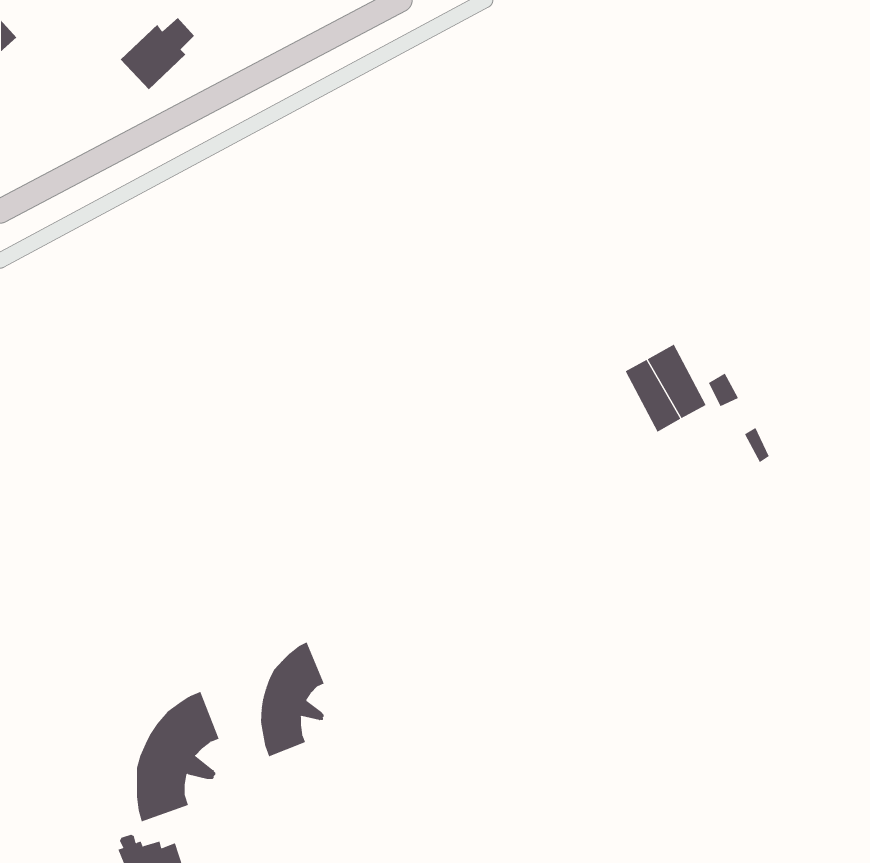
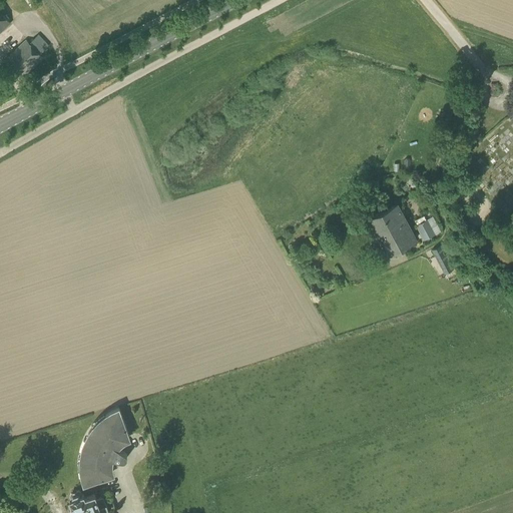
building: [120,17,195,90] -> [4,39,48,82]
building: [261,641,325,757] -> none

